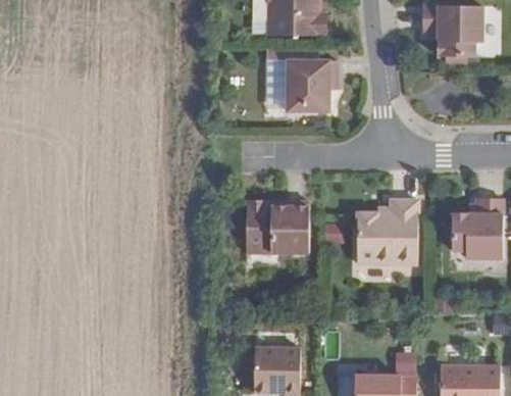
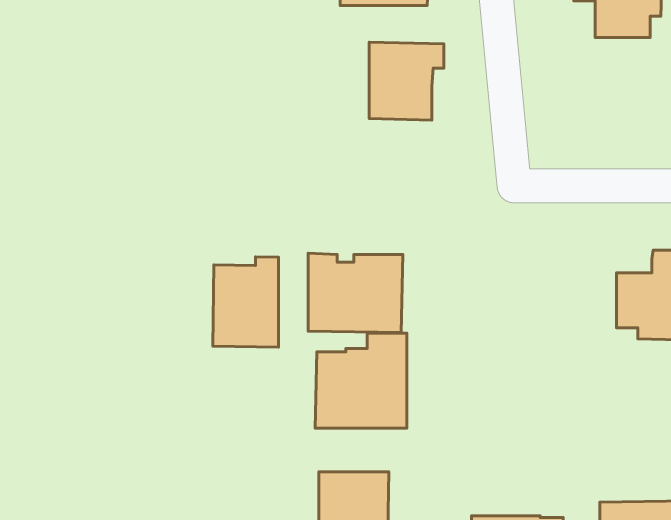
building: [356,200,417,263] -> [315,333,407,428]
building: none -> [213,257,278,347]

